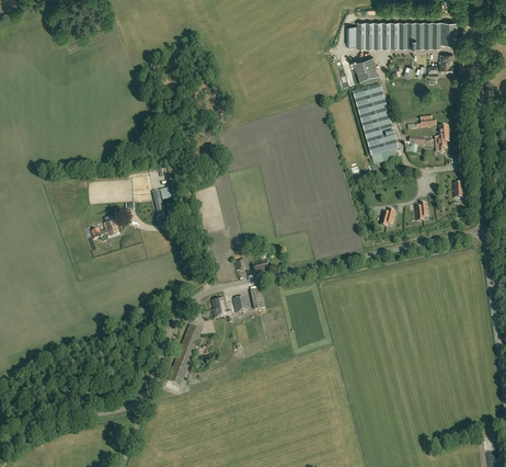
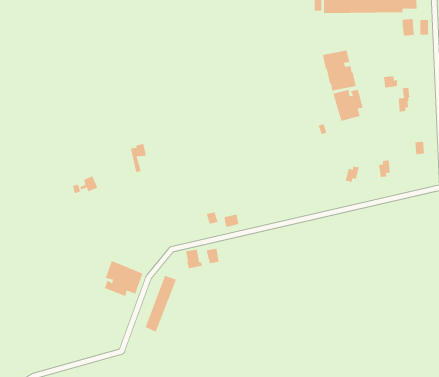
building: [352,56,378,84] -> none
building: none -> [104,260,143,297]

